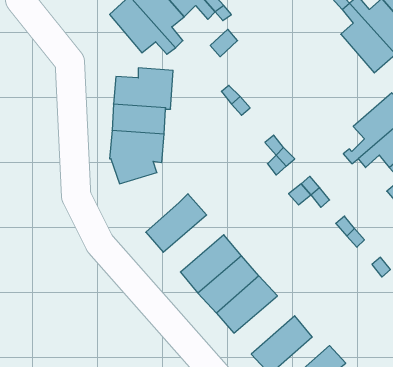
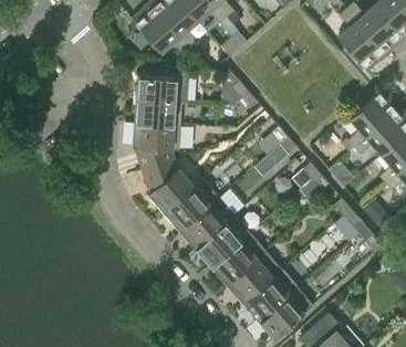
building: none -> [140,160,194,213]
building: none -> [179,198,233,249]
building: none -> [242,270,296,322]

